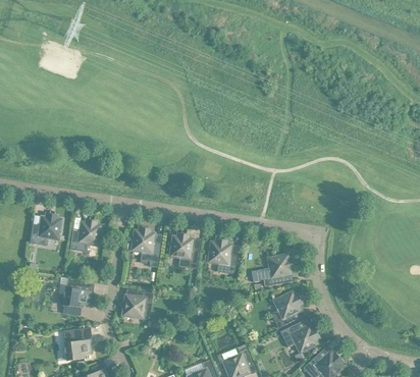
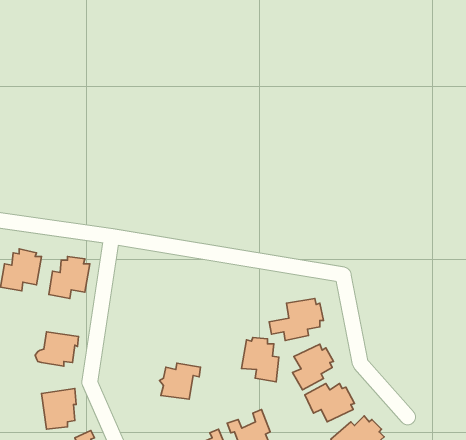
building: [129,225,160,267] -> none
building: [168,231,199,268] -> none
building: [206,237,237,274] -> [242,337,279,382]
building: [119,289,153,319] -> [160,363,200,399]

